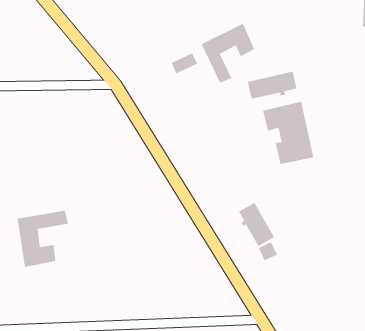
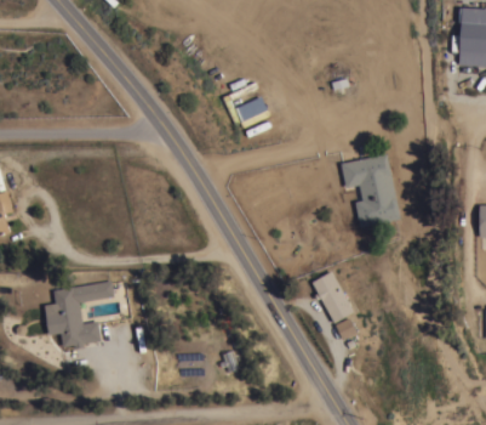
building: [201,23,255,84] -> none
building: [247,71,297,100] -> none

